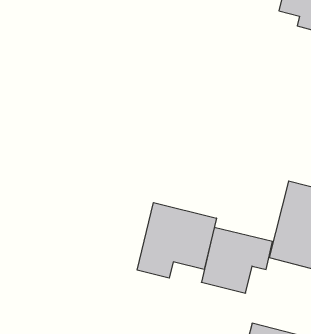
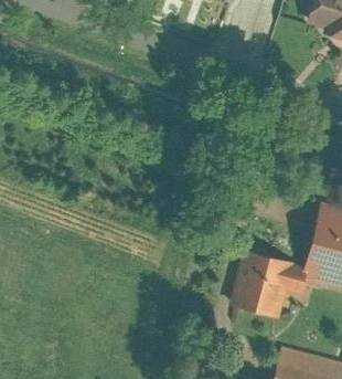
building: [137,203,216,278] -> none

